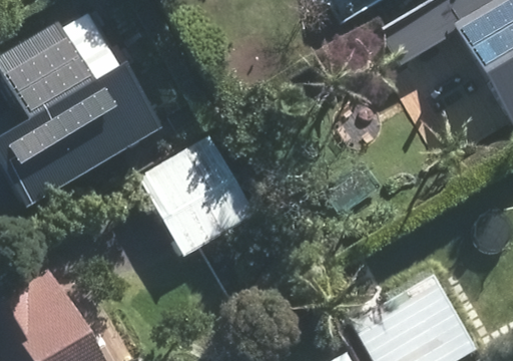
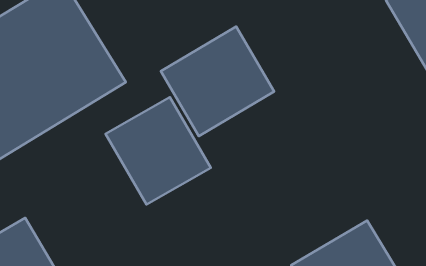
building: none -> [161,26,274,136]

